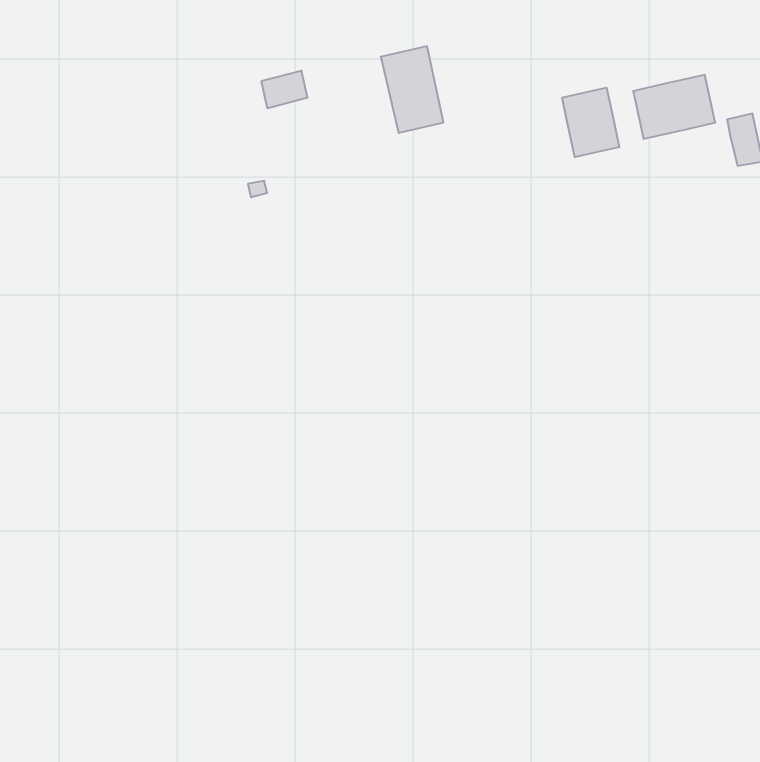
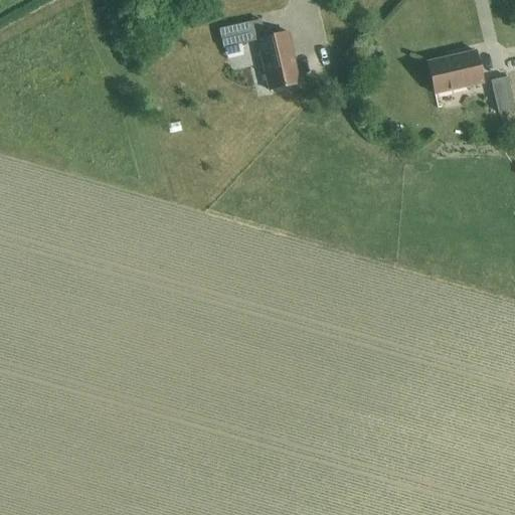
building: [261,71,308,108] -> [221,22,252,47]
building: [562,88,619,157] -> none

